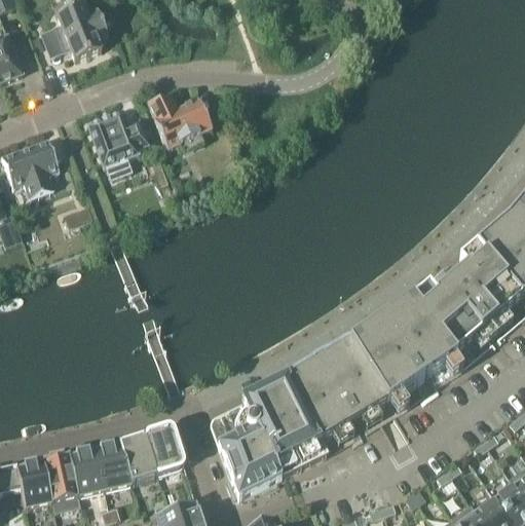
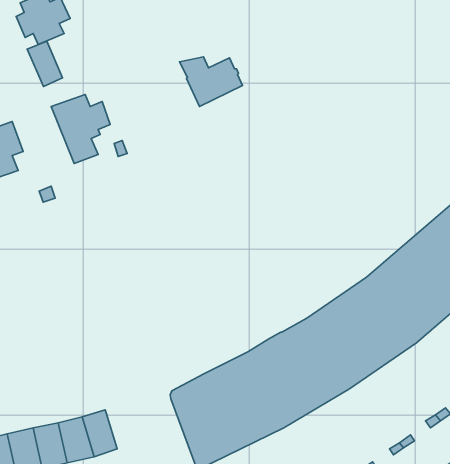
building: none -> [27,41,62,87]
building: [147,96,212,147] -> [179,57,242,107]
building: [144,427,182,475] -> none

